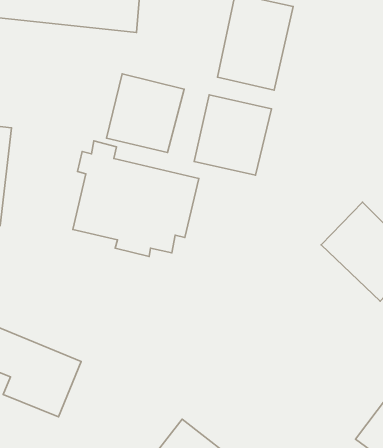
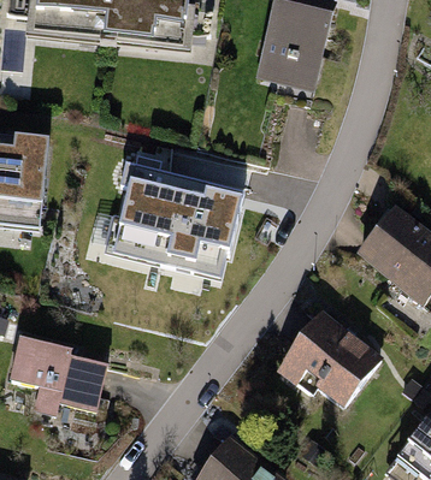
building: [107,74,184,153] -> none
building: [194,95,271,175] -> none
building: none -> [281,312,377,402]

